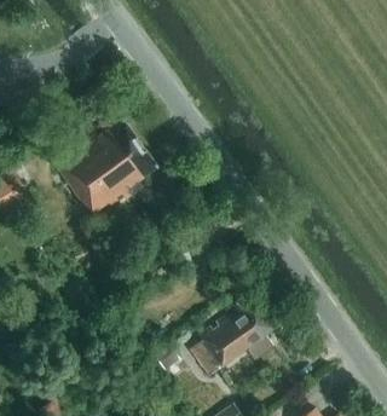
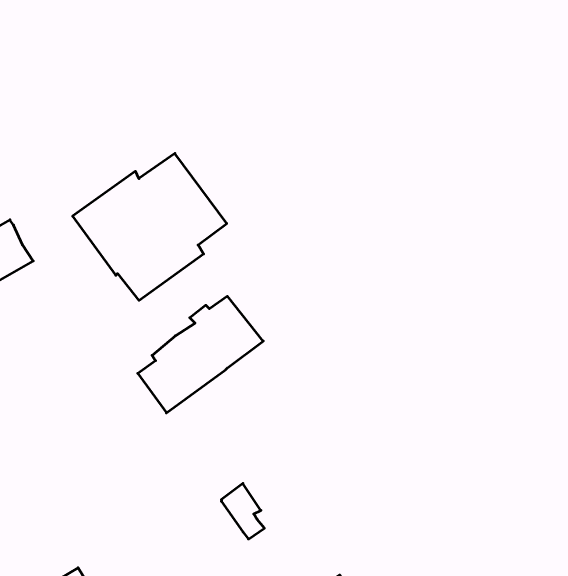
building: [189,299,273,377] -> [138,296,263,413]

